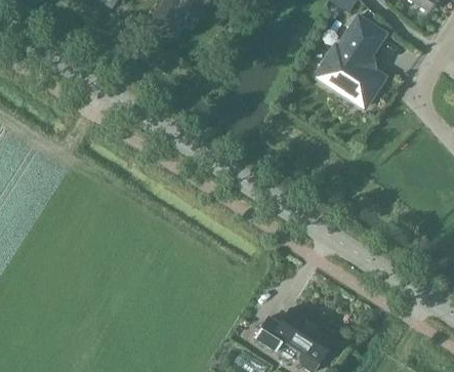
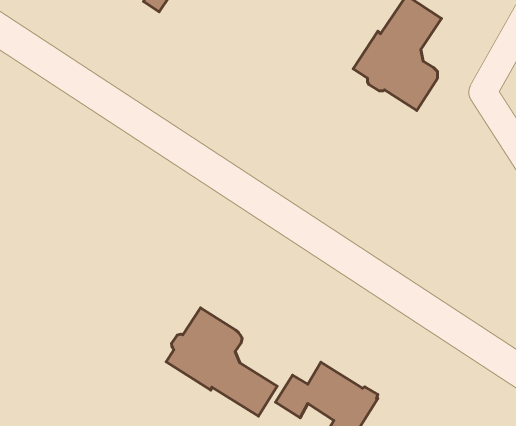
building: none -> [166,308,277,416]

